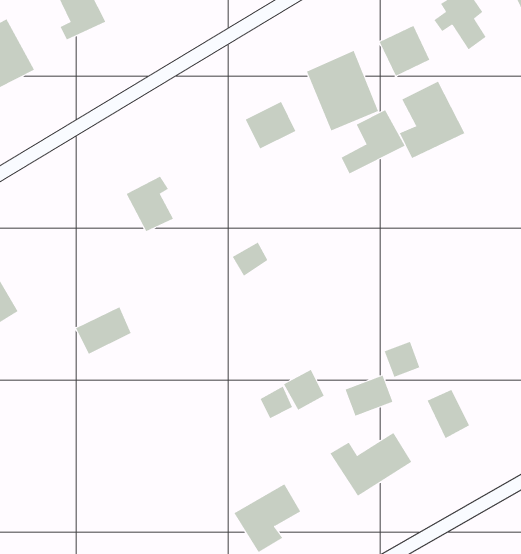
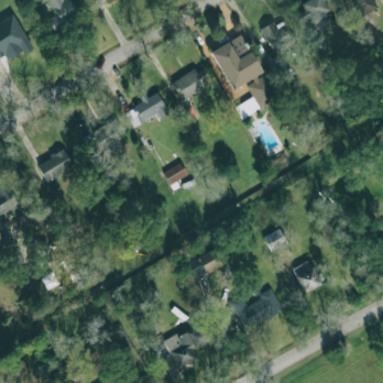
building: [399,81,465,159] -> none
building: none -> [125,92,169,128]
building: [75,307,131,355] -> [36,150,74,182]
building: [345,375,393,416] -> none

